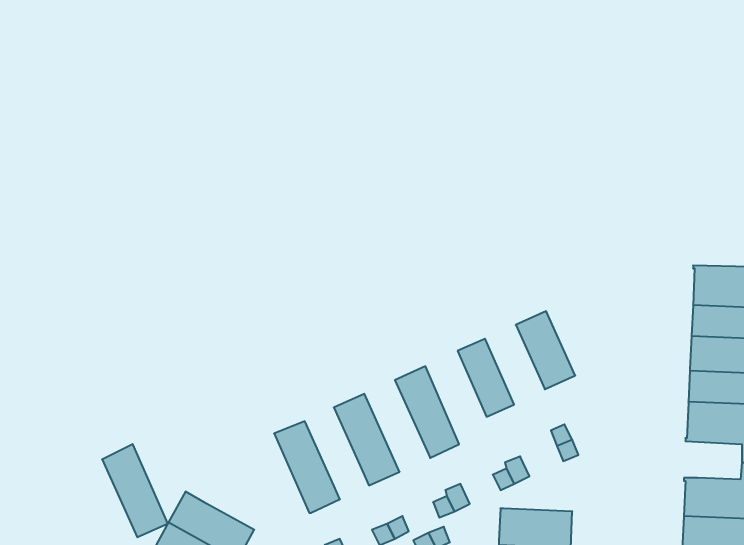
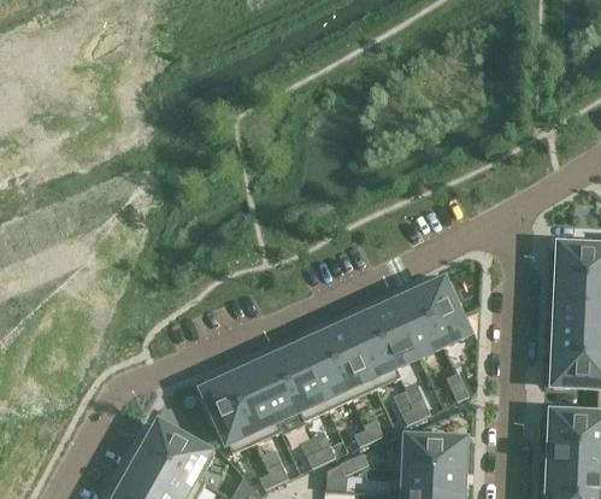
building: none -> [391,289,438,352]
building: none -> [344,310,396,383]
building: none -> [296,333,348,405]
building: none -> [249,354,295,416]
building: [102,444,168,537] -> [201,375,253,448]

